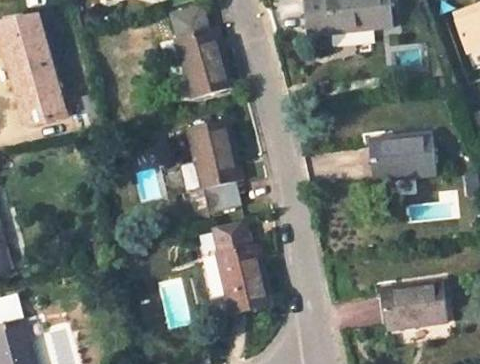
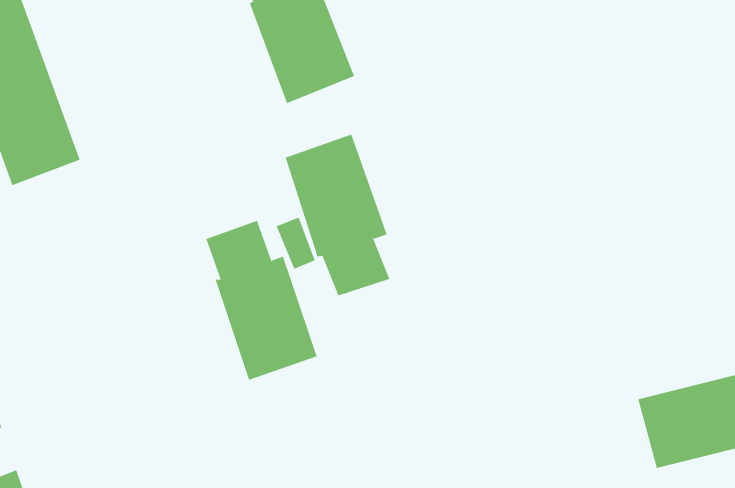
building: [366,133,432,182] -> none
building: [211,221,269,313] -> [206,220,317,380]

